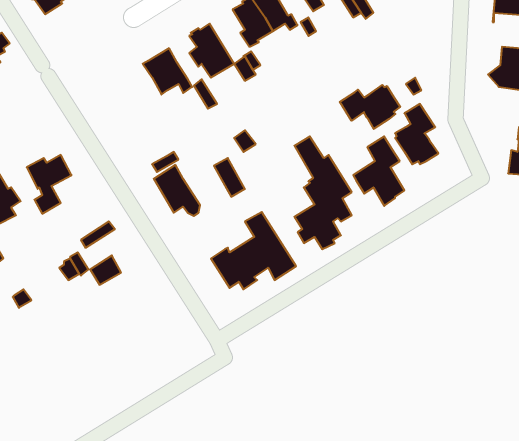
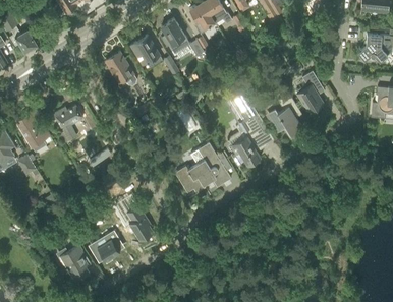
building: [340,85,400,129] -> none
building: [154,165,200,216] -> [106,52,136,85]
building: none -> [125,204,153,240]
building: none -> [98,229,123,261]
building: none -> [60,244,91,280]

